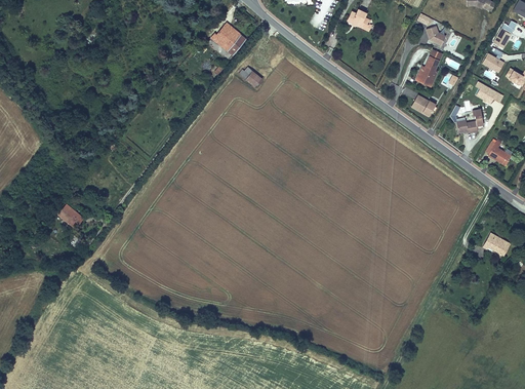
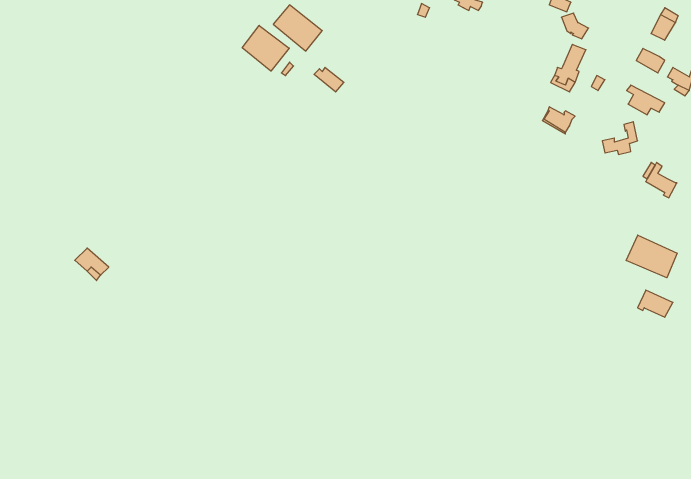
building: none -> [242,25,289,71]
building: none -> [626,235,677,278]

